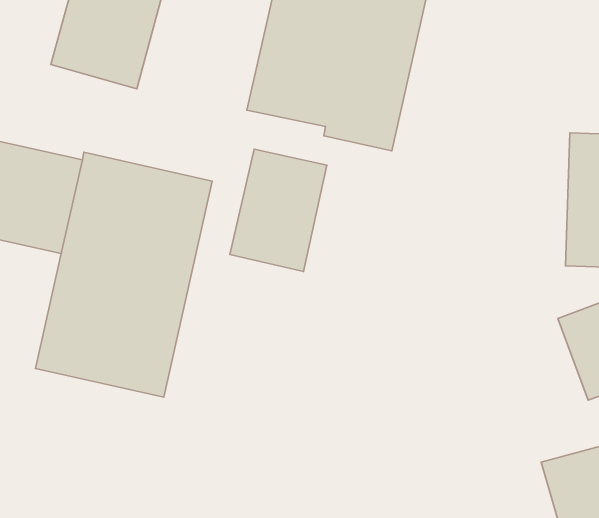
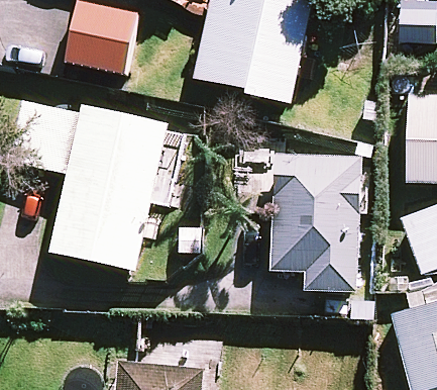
building: [230,149,327,271] -> none
building: none -> [269,154,362,290]

